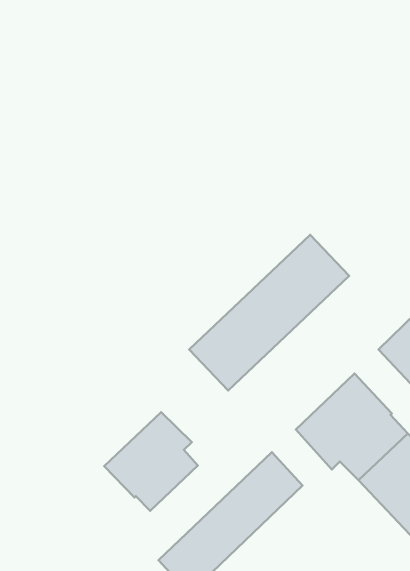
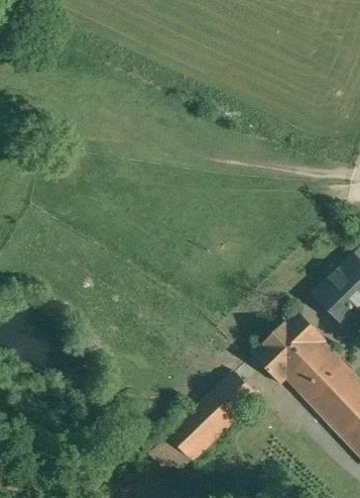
building: [189,235,349,391] -> none
building: [104,412,198,511] -> none

